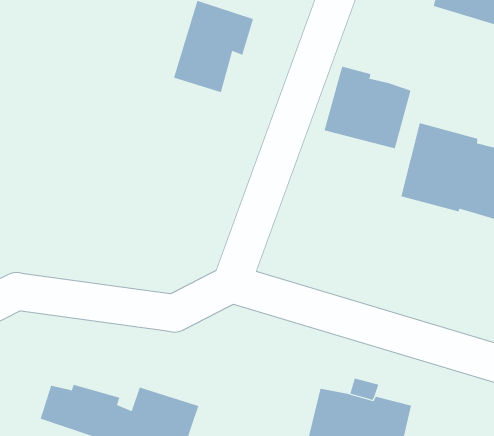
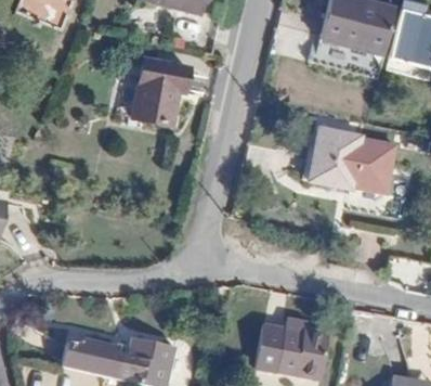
building: [324,66,411,149] -> none

